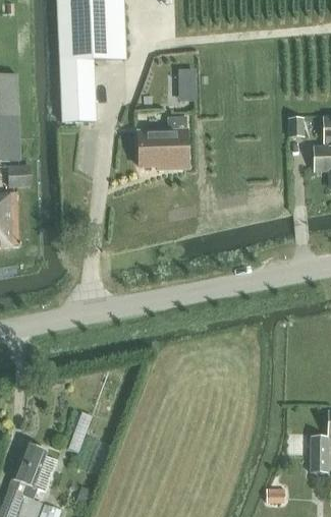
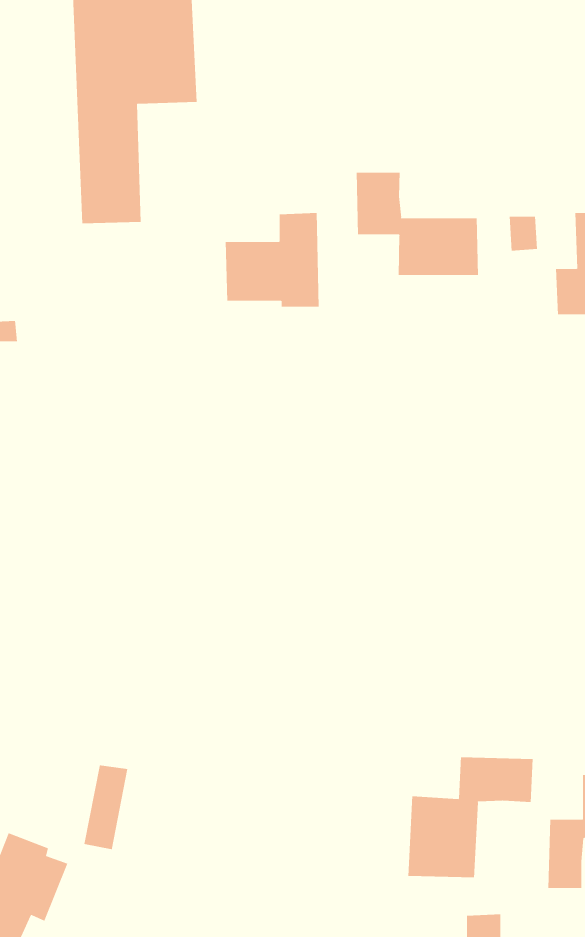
building: [178,67,197,100] -> none
building: none -> [356,172,479,276]
building: none -> [408,757,533,878]

